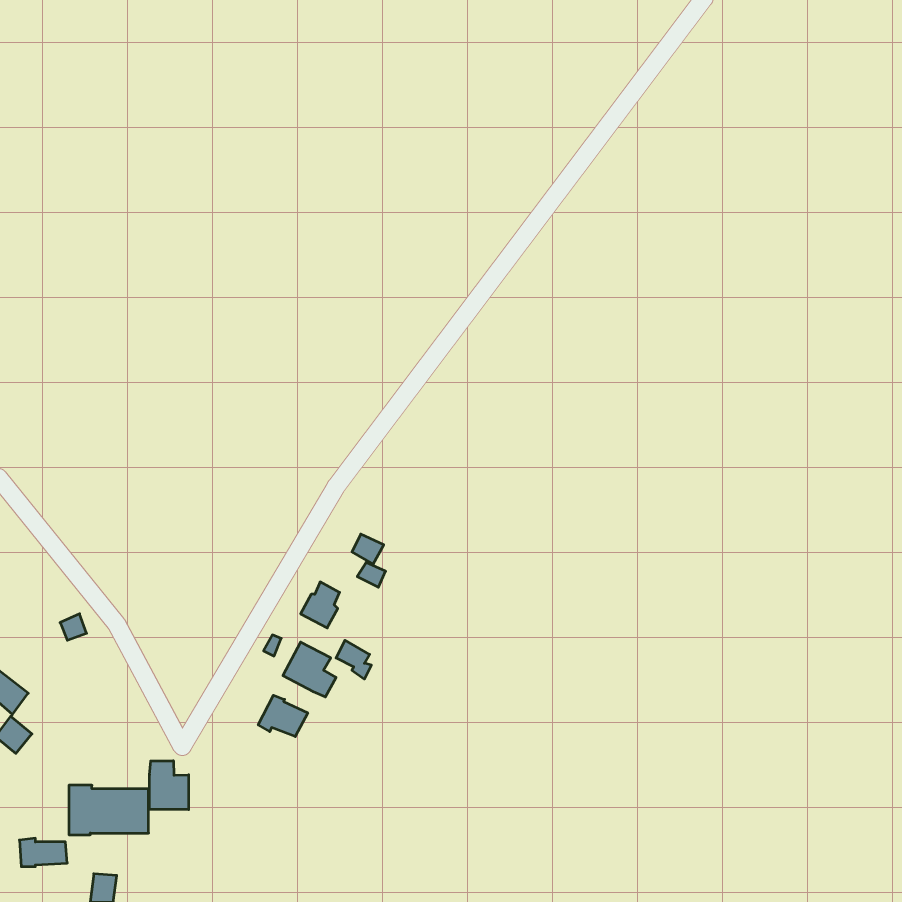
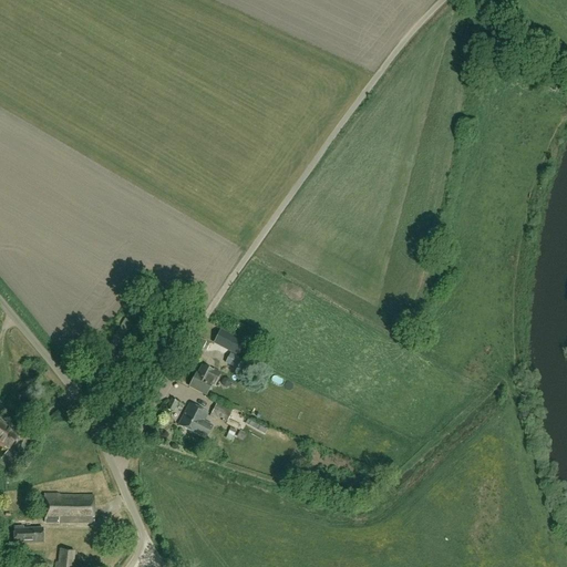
building: [258,695,308,737] -> none
building: [150,761,189,810] -> none

